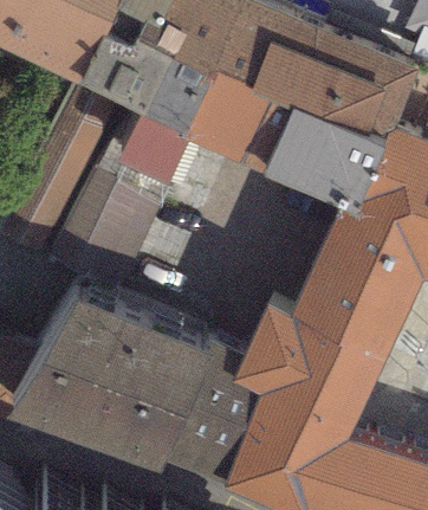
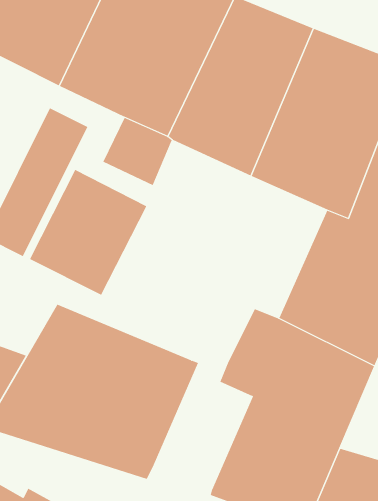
building: [170,344,266,484] -> none

